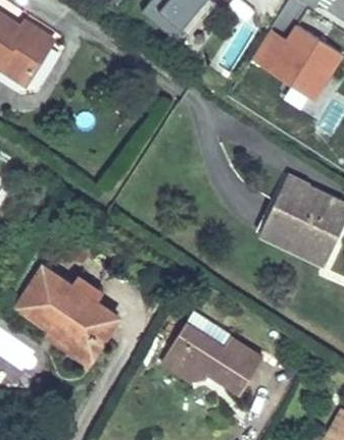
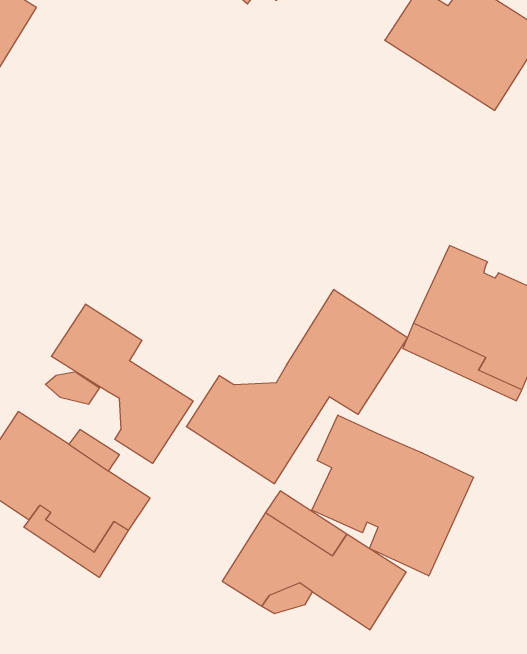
building: none -> [186,289,407,484]
building: none -> [51,304,193,463]
building: none -> [312,415,474,576]

